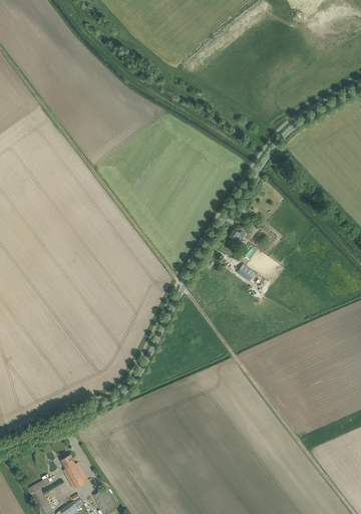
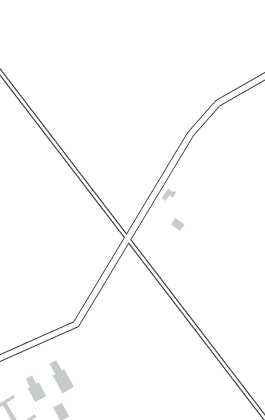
building: none -> [48,359,75,394]

